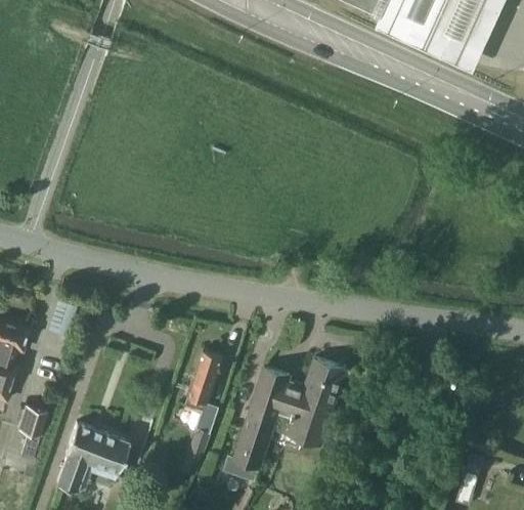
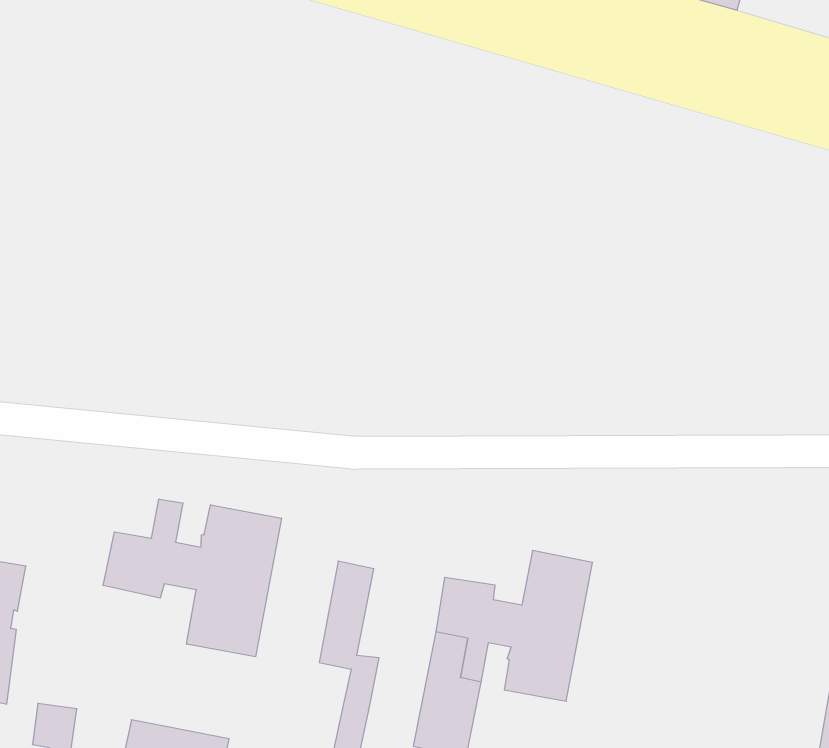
building: none -> [103,499,281,657]

